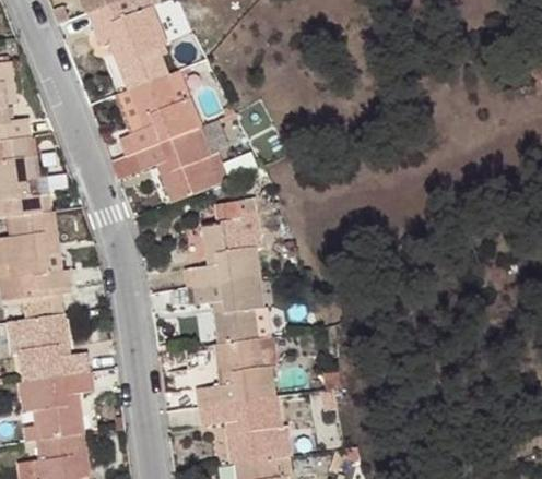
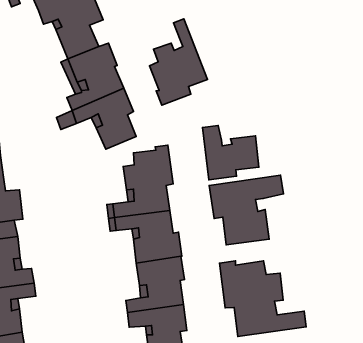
building: none -> [149,19,207,105]
building: none -> [202,125,259,180]
building: none -> [209,175,284,245]
building: none -> [219,261,306,336]

